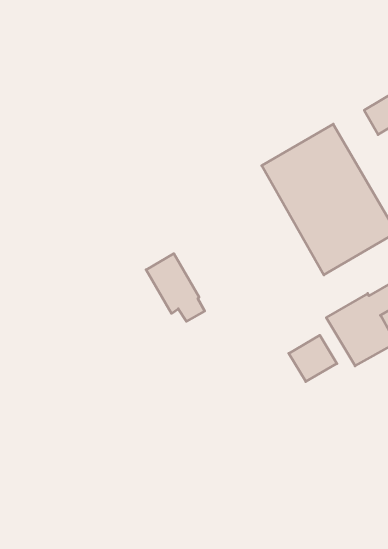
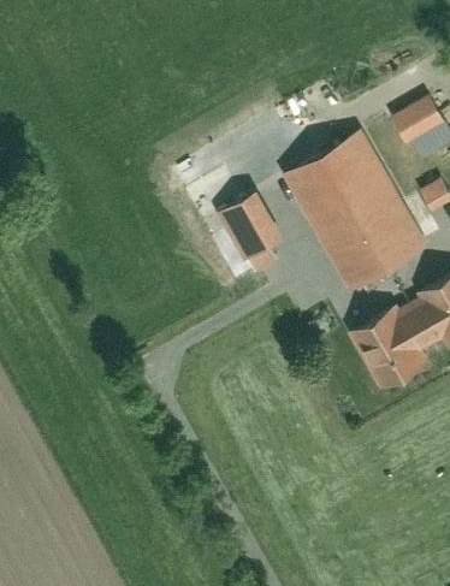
building: [146,254,205,321] -> [215,200,277,271]
building: [289,335,337,382] -> none

